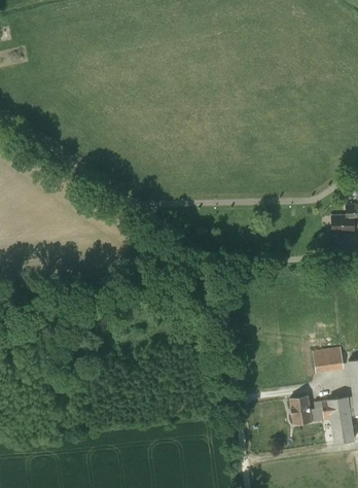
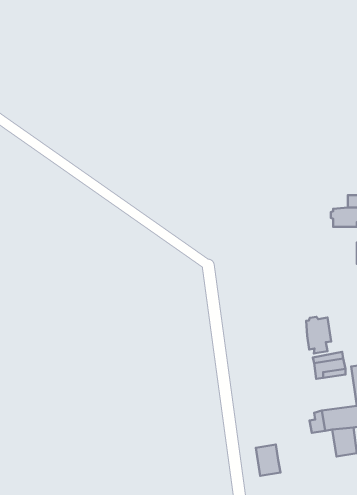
building: none -> [306,317,331,353]
building: [289,395,312,424] -> [256,444,280,476]

